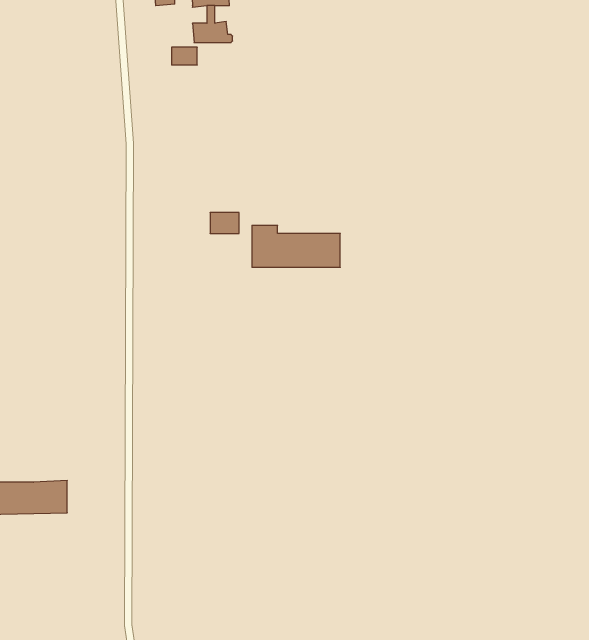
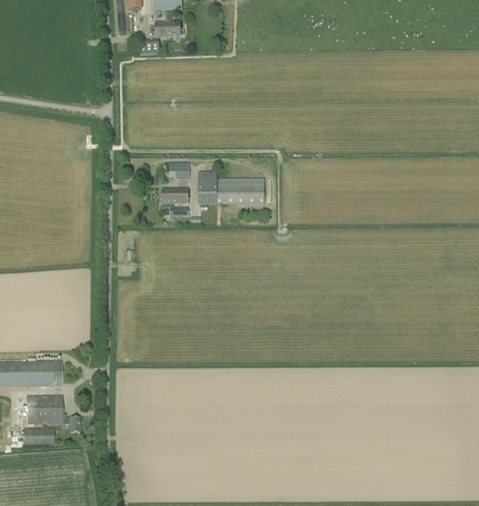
building: none -> [160,188,187,215]
building: none -> [23,396,80,443]

